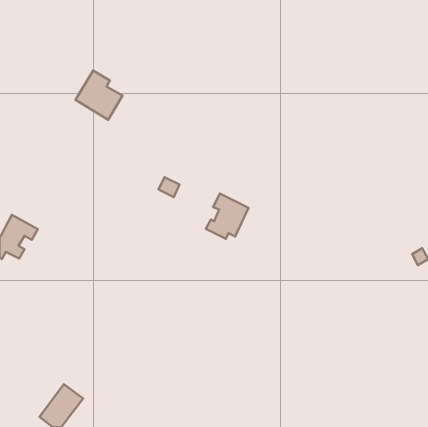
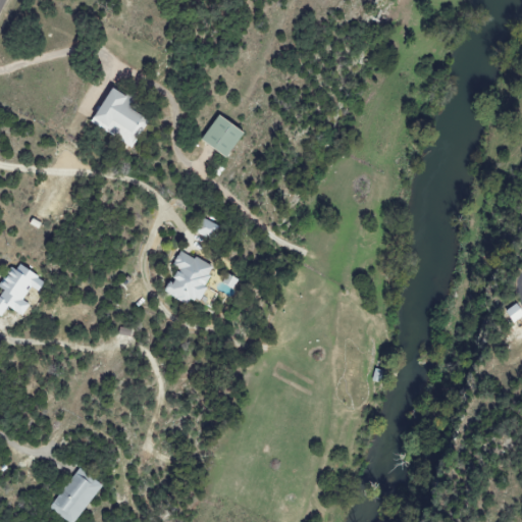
building: none -> [201,113,245,156]
building: [206,194,249,239] -> [162,249,214,304]

